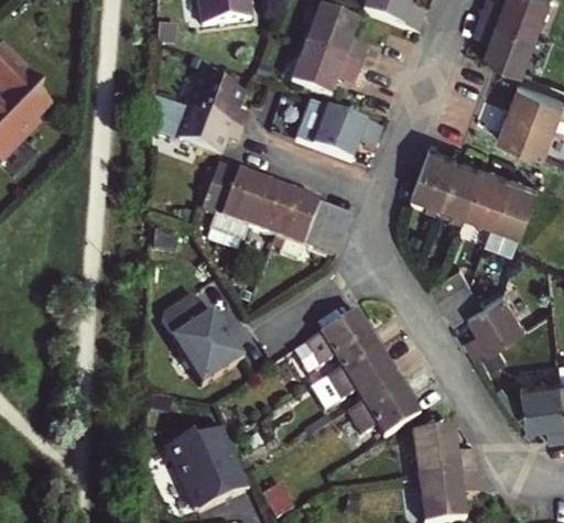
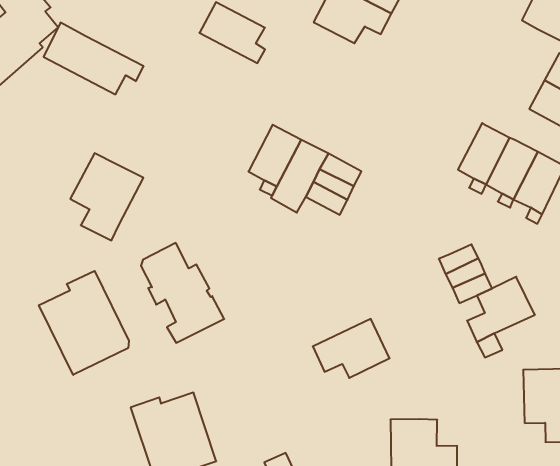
building: [153,88,246,149] -> [44,23,144,94]
building: [313,102,384,159] -> none
building: [413,143,457,198] -> none
building: [200,157,265,236] -> [70,153,143,240]
building: [294,309,375,381] -> none
building: none -> [39,271,129,375]
building: [345,378,417,435] -> none

